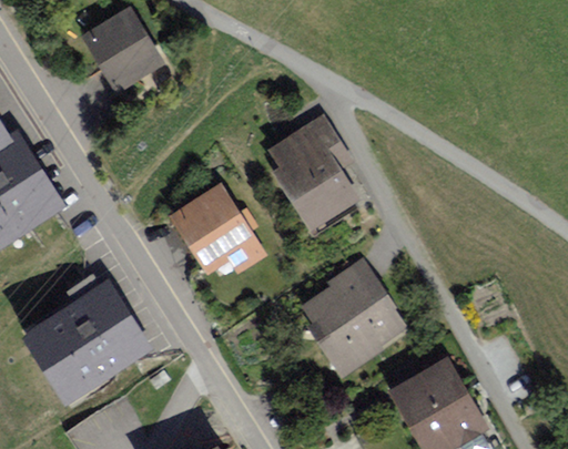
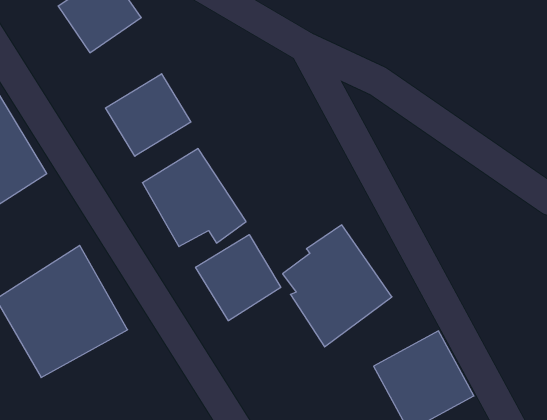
building: none -> [105,74,191,156]
building: [270,111,365,235] -> none
building: none -> [196,235,281,321]

